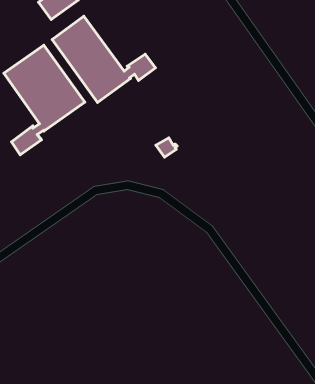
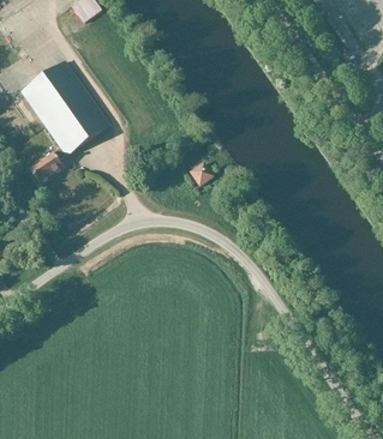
building: [52,16,156,102] -> none

